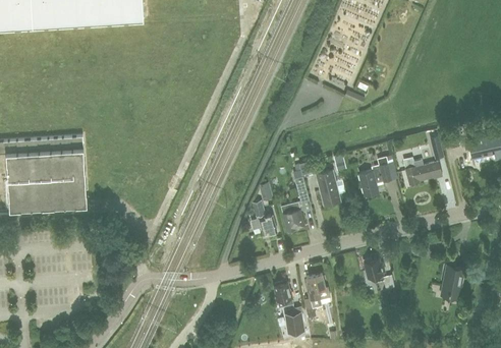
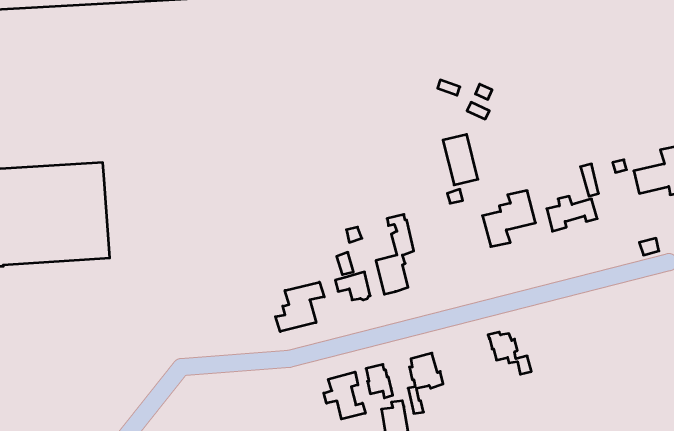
building: [315,170,340,207] -> [443,134,478,185]
building: none -> [275,282,324,332]
building: [440,266,465,299] -> none
building: none -> [324,372,365,419]

